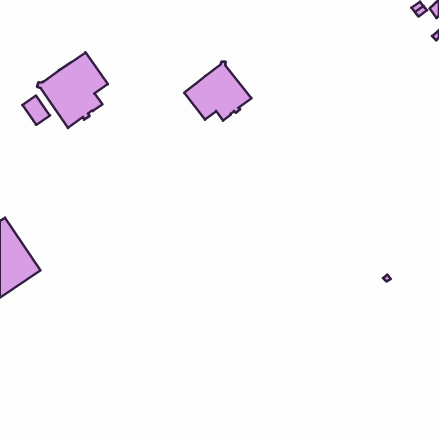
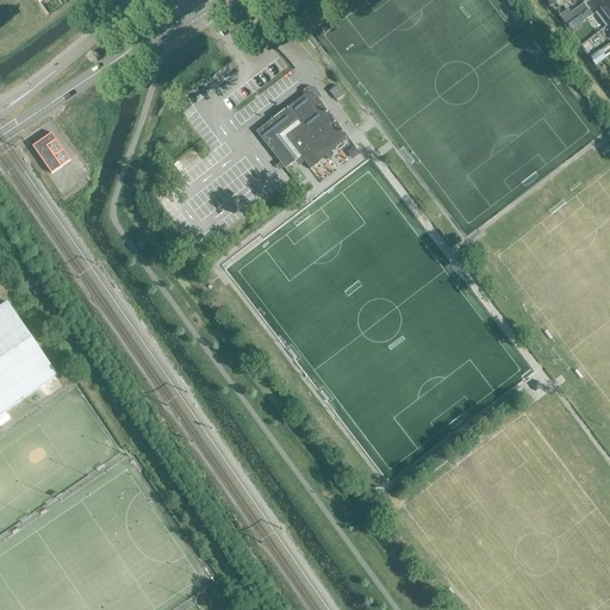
building: [37,52,108,128] -> none

